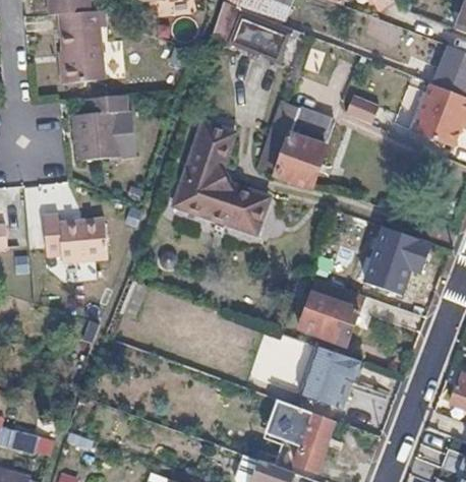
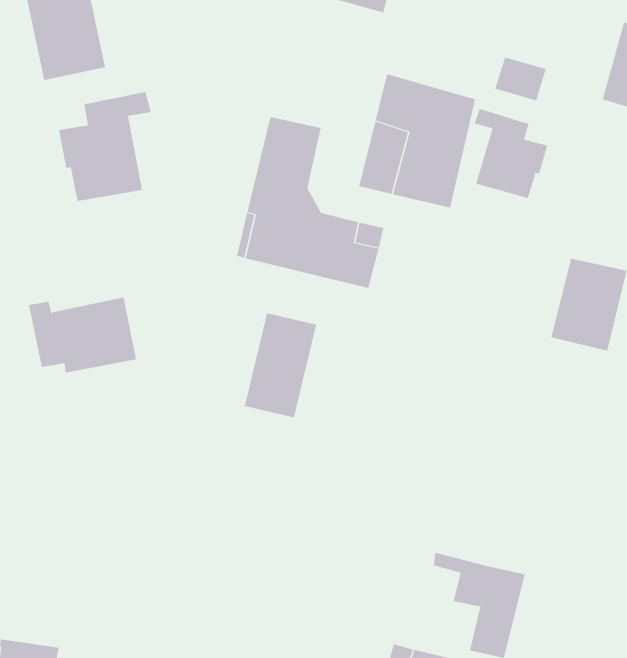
building: none -> [474,108,548,199]
building: none -> [244,312,317,418]
building: [298,281,363,340] -> none
building: [300,345,364,406] -> none

